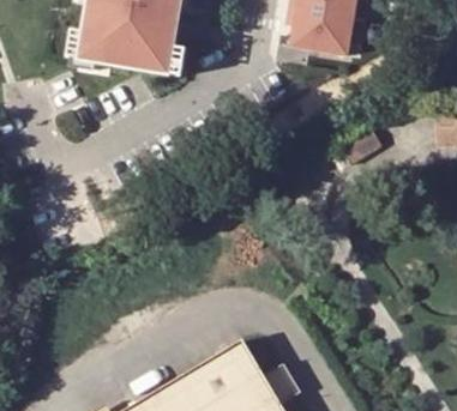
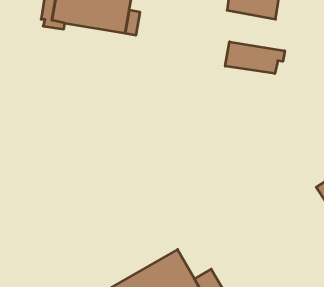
building: none -> [225,42,285,74]

